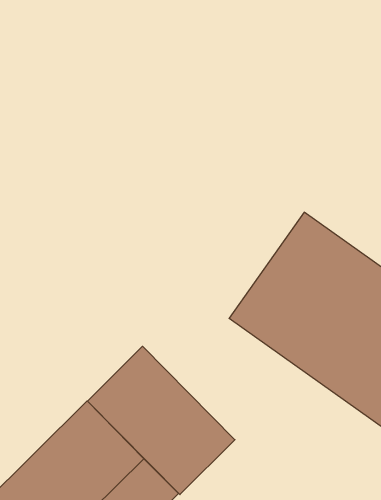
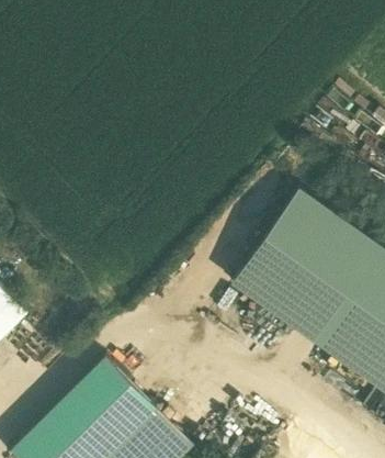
building: [87,346,235,495] -> none

